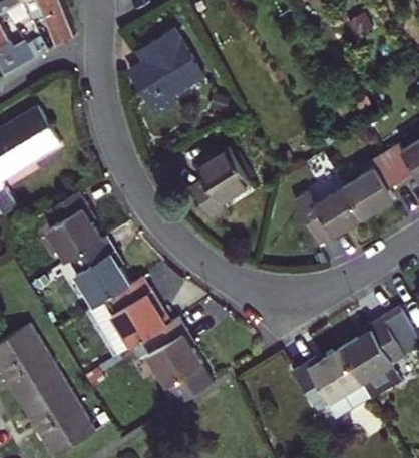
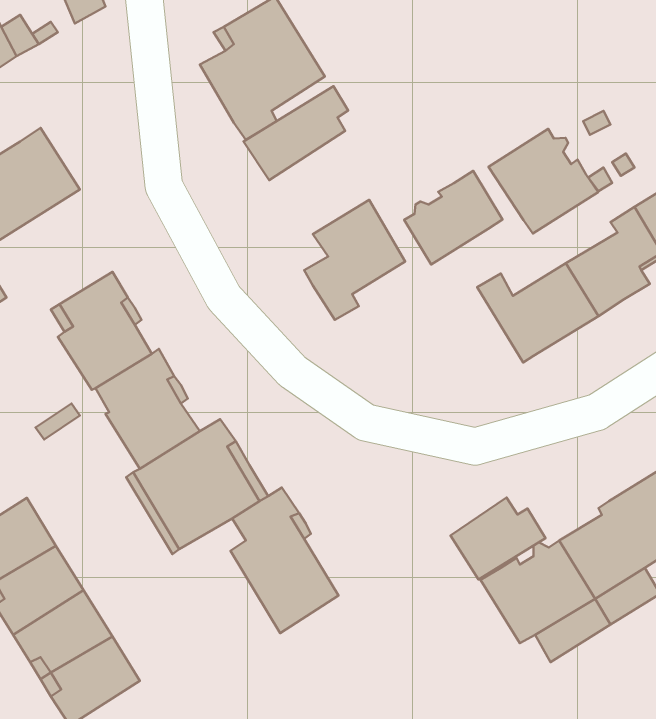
building: none -> [244,86,348,180]
building: none -> [488,129,598,234]
building: none -> [404,171,502,264]
building: none -> [450,498,546,580]

